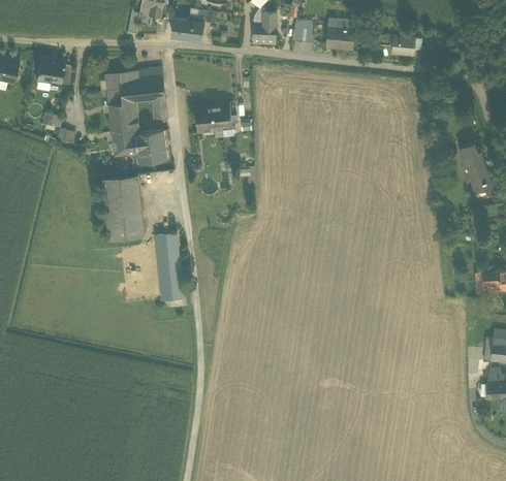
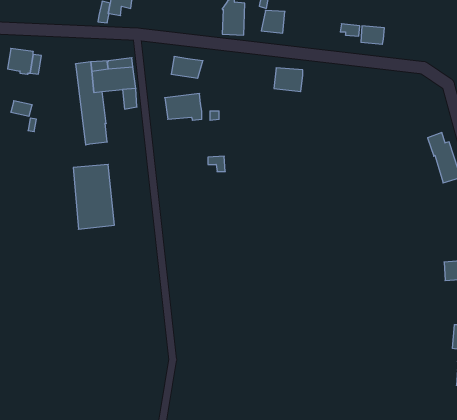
building: [171,18,203,39] -> [171,57,203,78]
building: [325,25,354,49] -> [274,68,303,92]
building: [134,130,166,162] -> none
building: [155,232,182,299] -> none

